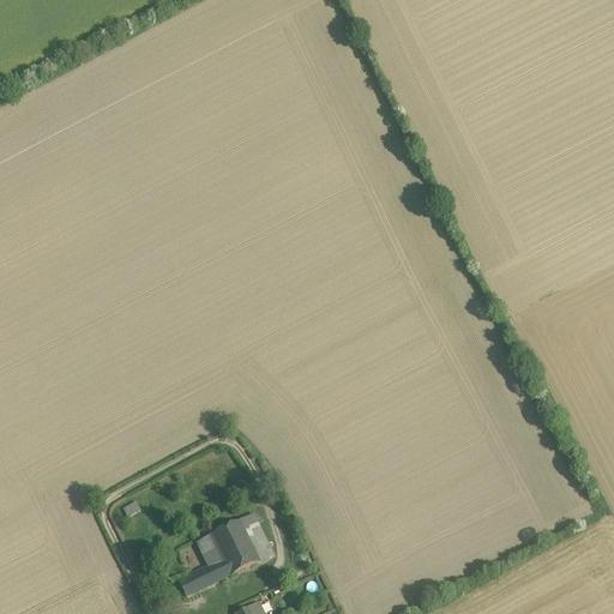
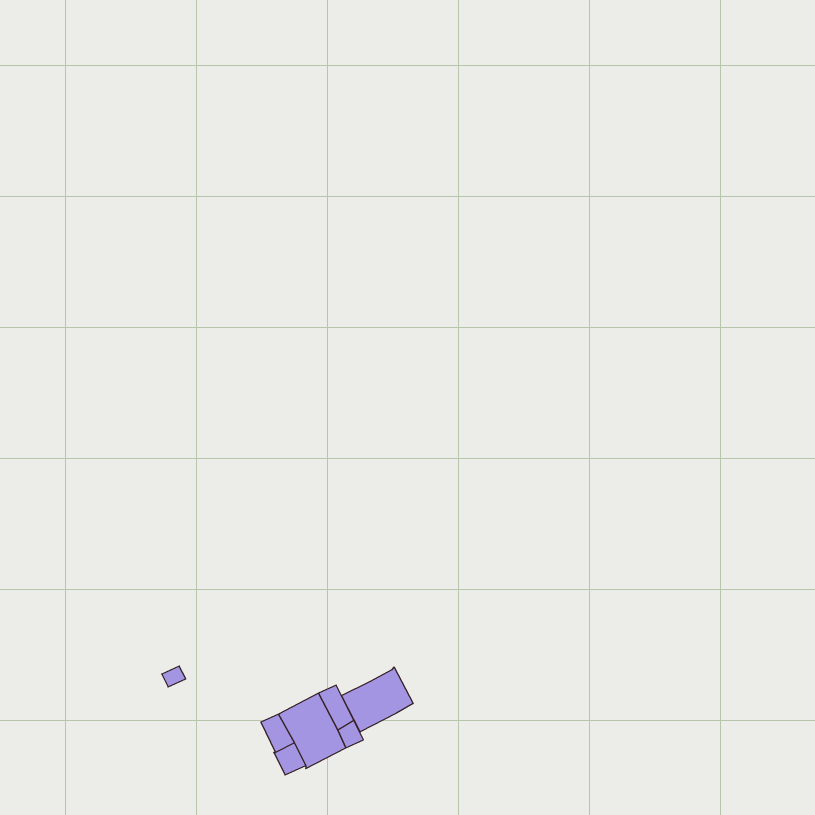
building: none -> [341,667,413,732]
building: [176,564,213,595] -> none

